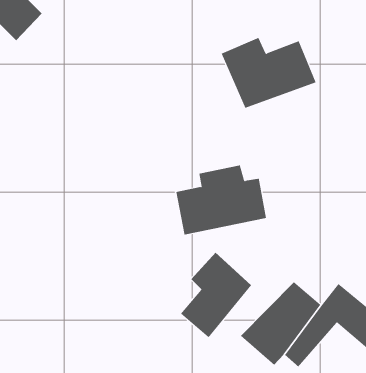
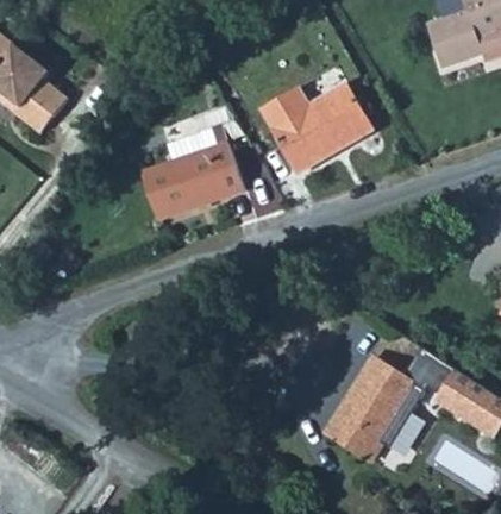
building: [175,165,267,235] -> [138,136,243,221]
building: [180,252,252,338] -> none

